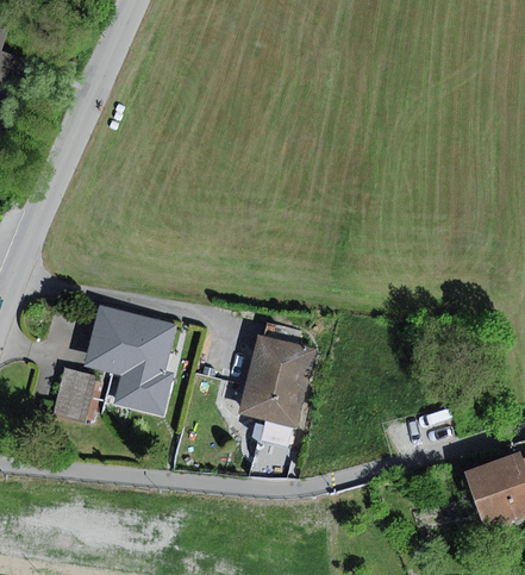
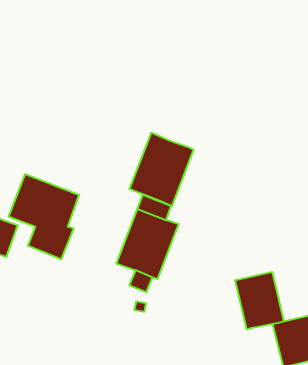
building: none -> [130,133,194,206]
building: none -> [235,272,284,330]

